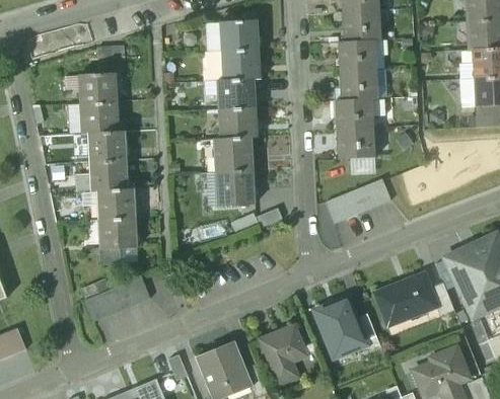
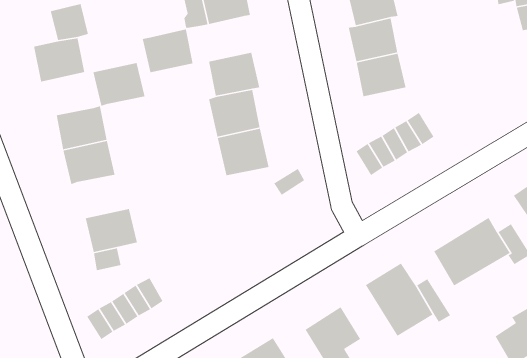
building: [216,78,255,109] -> [142,29,193,73]
building: [79,102,119,134] -> [93,62,145,107]
building: [96,189,135,220] -> none

